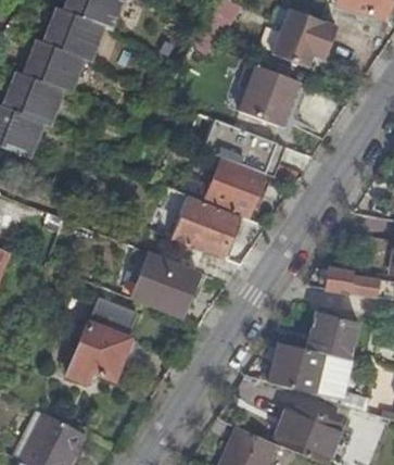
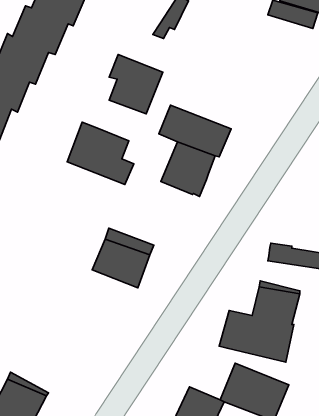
building: [271,8,335,66] -> none
building: [238,60,296,125] -> [109,54,163,114]
building: [173,194,245,263] -> [67,122,134,185]
building: [67,297,136,381] -> none

